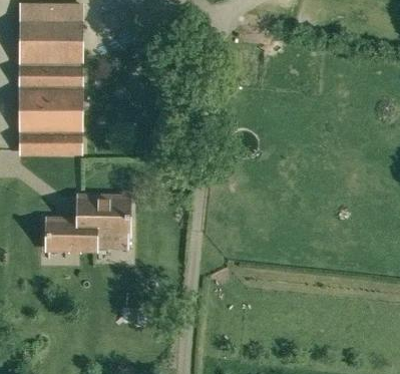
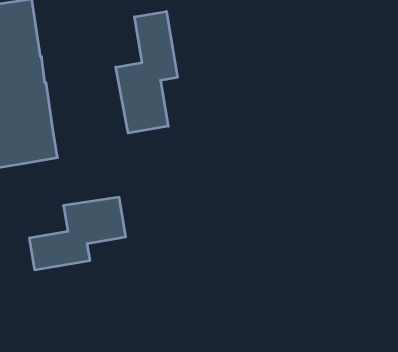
building: none -> [116,11,178,133]

